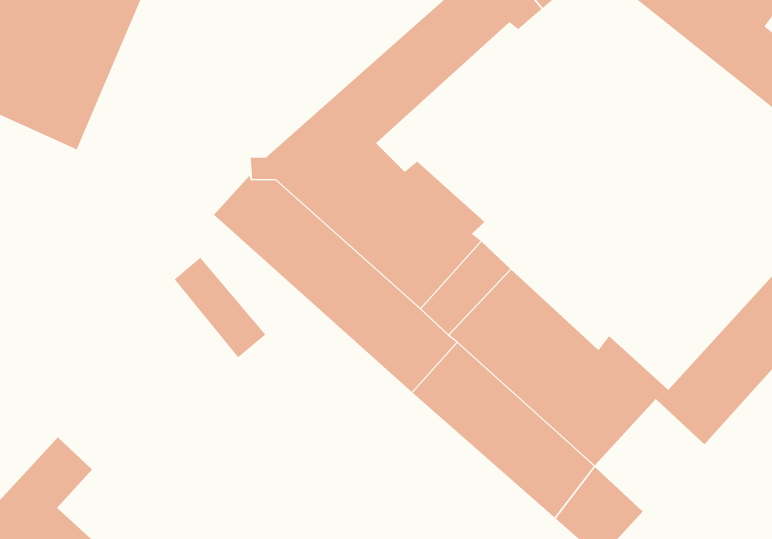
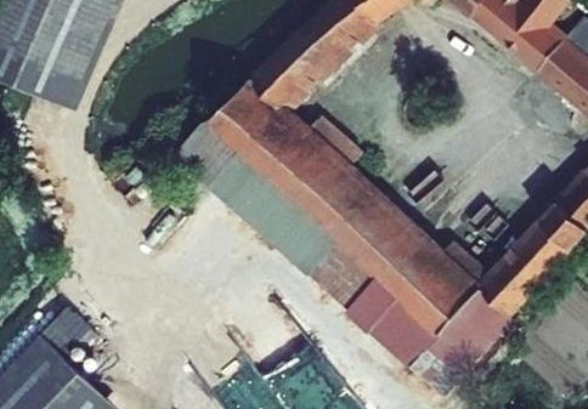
building: [174,257,266,358] -> none
building: none -> [436,283,513,360]

